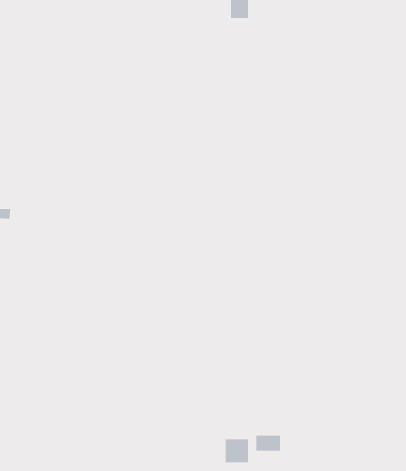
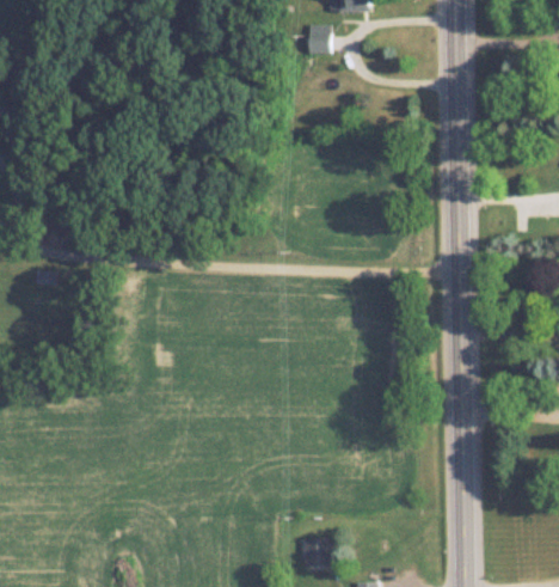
building: [255,435,281,452] -> none

